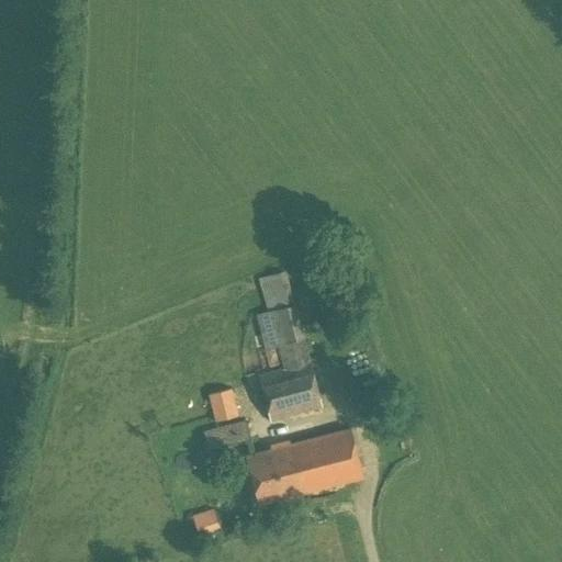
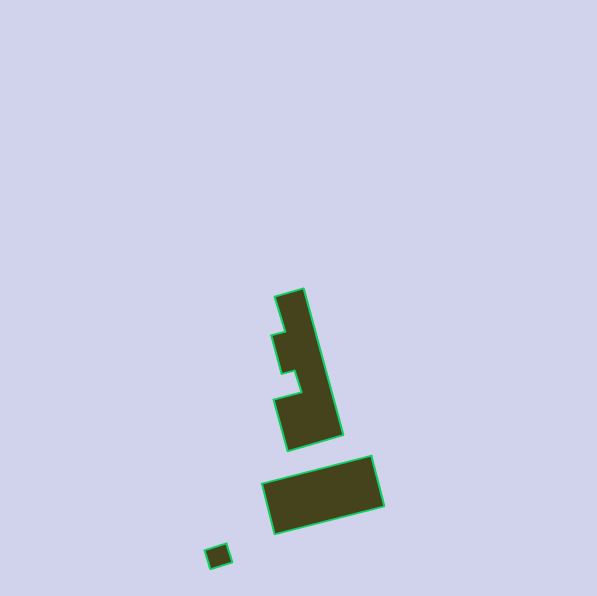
building: [207,390,238,424] -> none
building: [203,423,250,452] -> none

